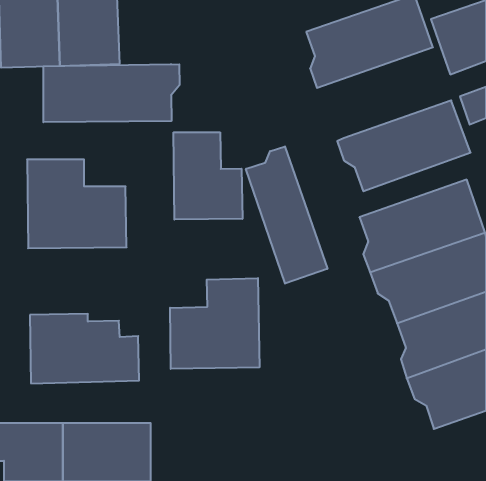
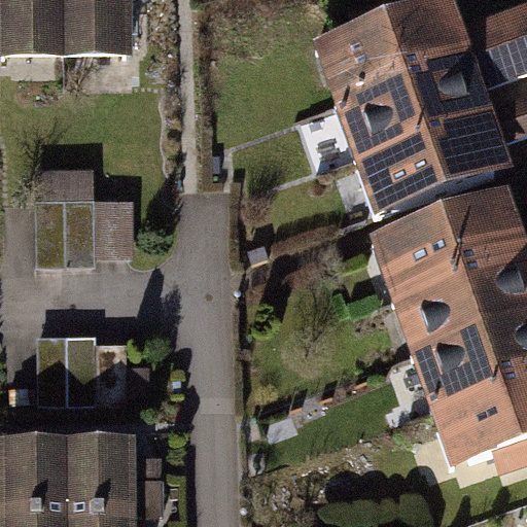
building: none -> [338,50,481,147]
building: [43,64,180,122] -> none
building: [174,132,242,220] -> none
building: [246,146,327,284] -> none
building: [170,278,259,369] -> none

